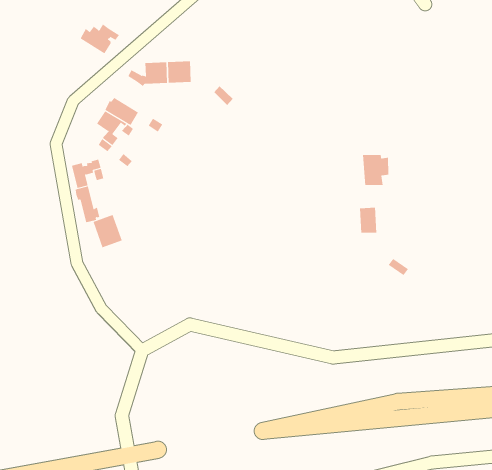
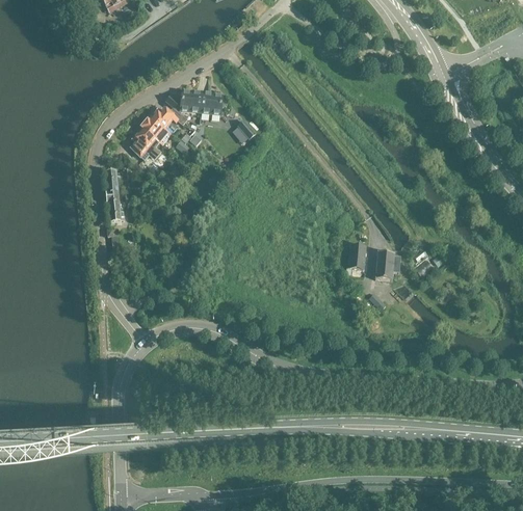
building: [80,23,120,54] -> [152,106,187,133]
building: [362,155,389,186] -> [376,250,401,279]
building: [93,214,122,248] -> none

